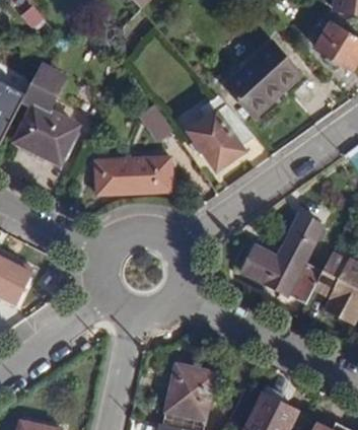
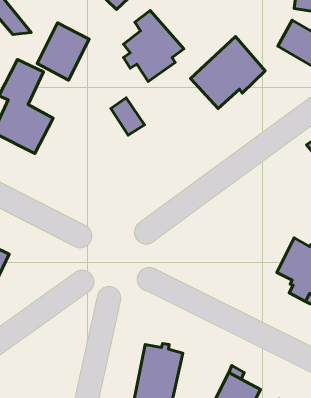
building: none -> [37,23,89,80]
building: [189,96,253,171] -> [123,11,184,82]
building: [94,158,169,194] -> none
building: [243,216,323,304] -> none

